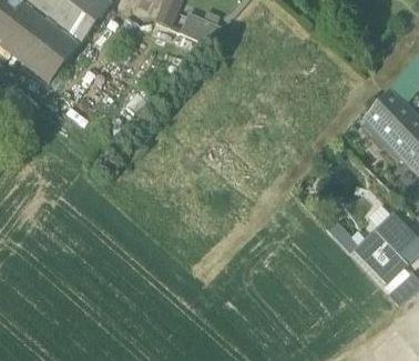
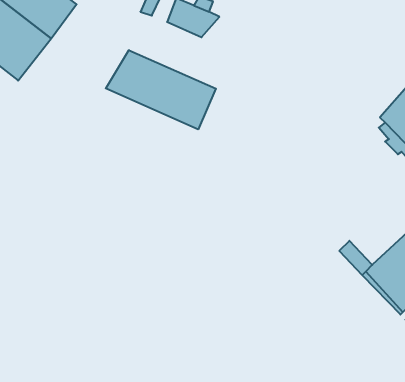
building: none -> [106,50,216,129]

